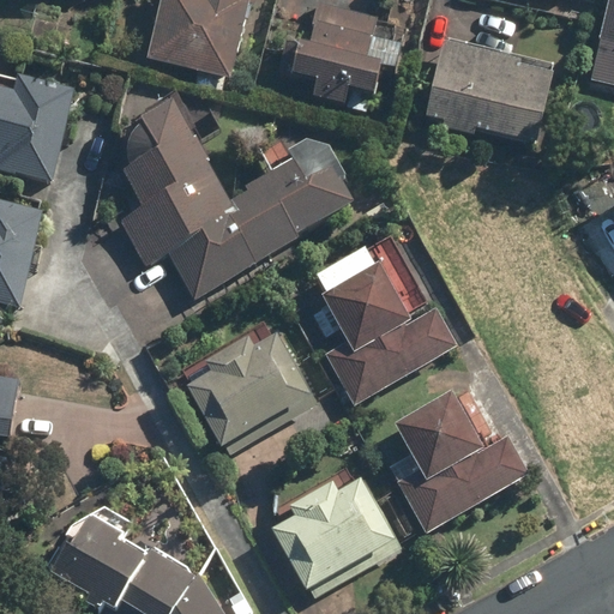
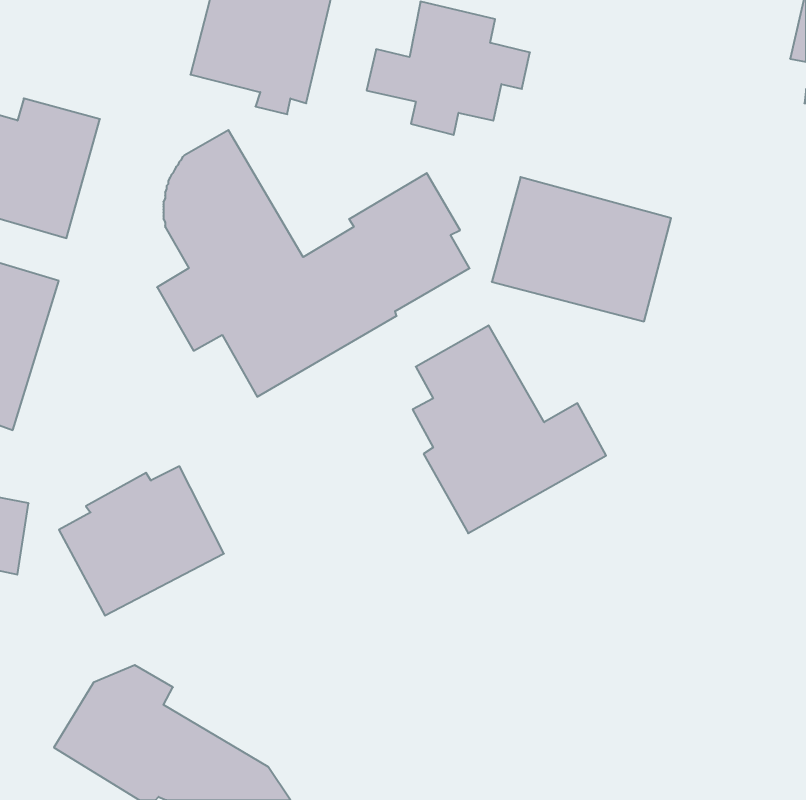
building: [422,35,558,144] -> [492,177,671,321]
building: [186,330,311,443] -> [59,466,224,616]
building: [396,391,531,531] -> none
building: [273,476,397,589] -> none

